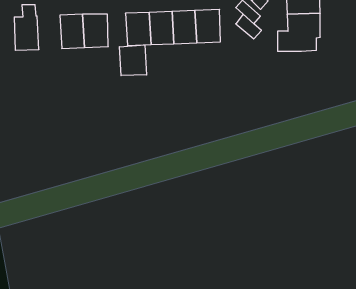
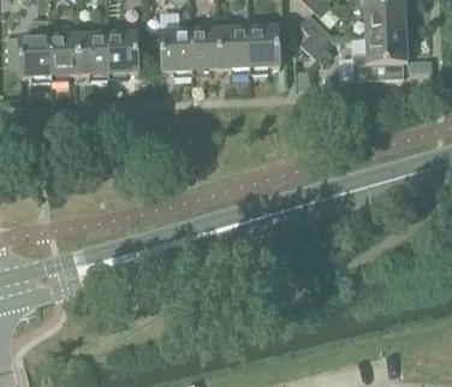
building: none -> [48,34,79,77]
building: [119,45,147,76] -> none

